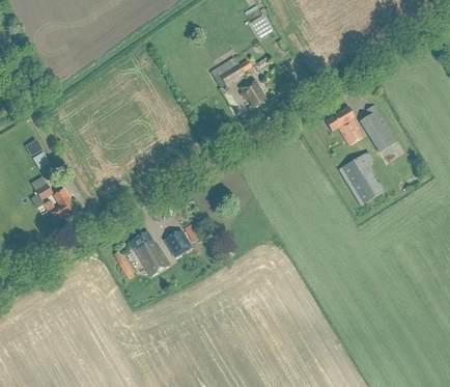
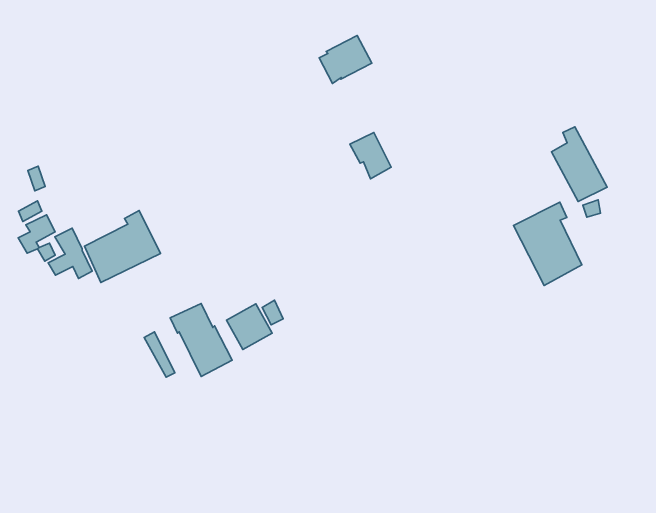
building: [238,79,265,108] -> [350,133,391,179]
building: [325,106,364,144] -> none
building: none -> [85,211,160,282]

